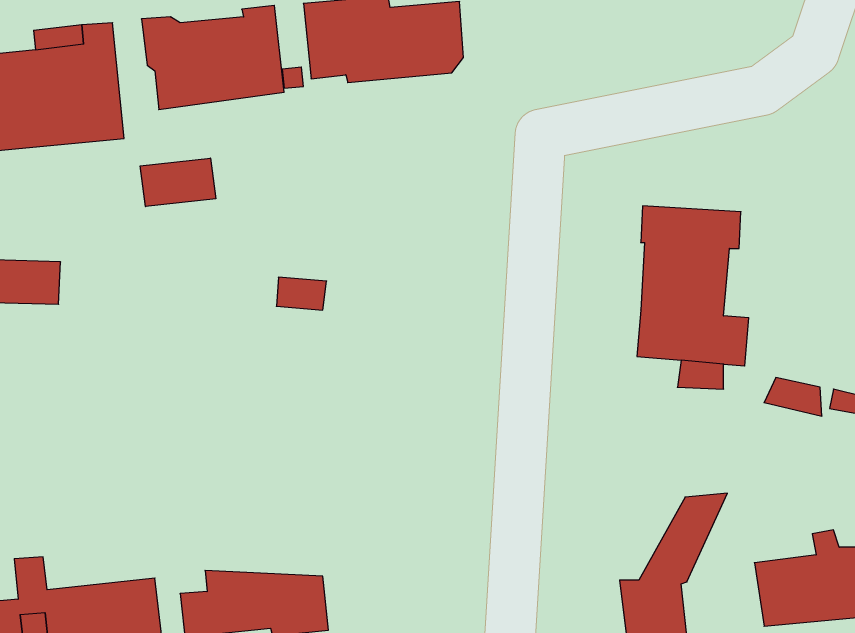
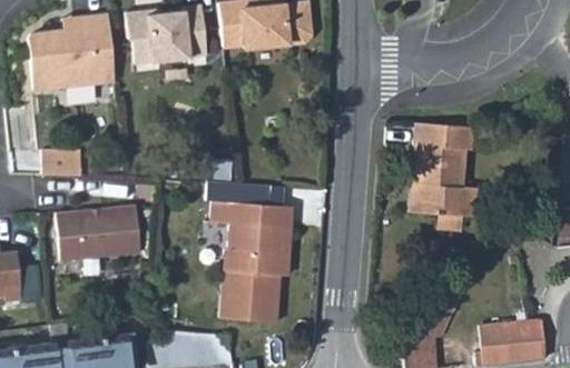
building: [140,158,216,207] -> none
building: none -> [205,182,294,324]
building: none -> [56,206,141,260]

